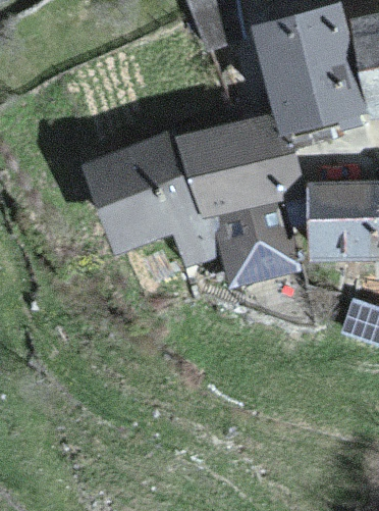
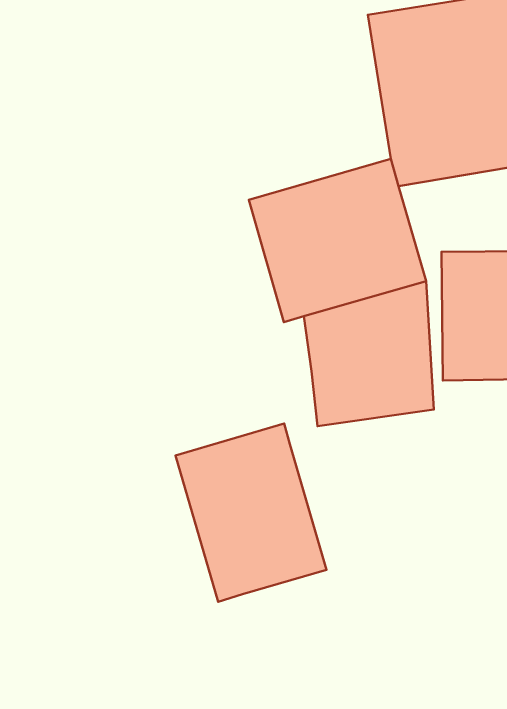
building: [79,133,219,268] -> none
building: none -> [176,424,327,602]

